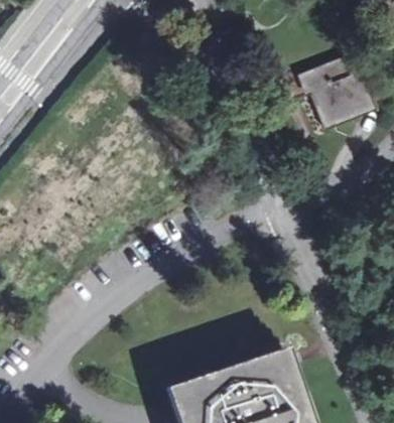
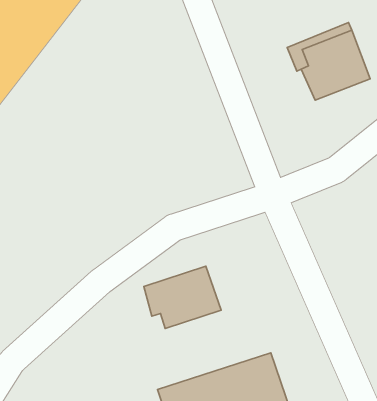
building: none -> [144,266,221,329]

